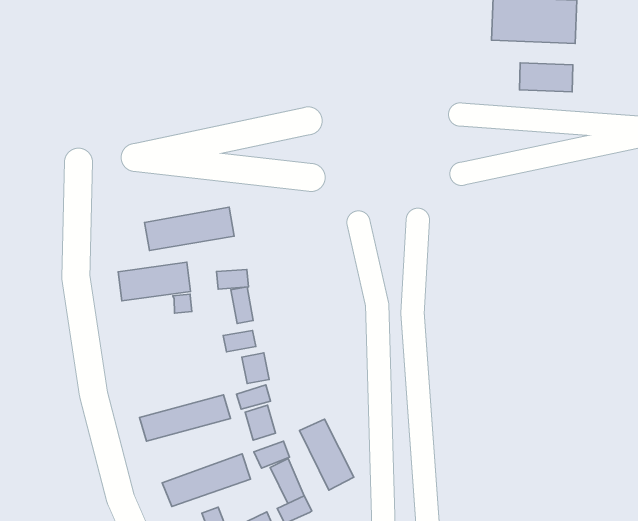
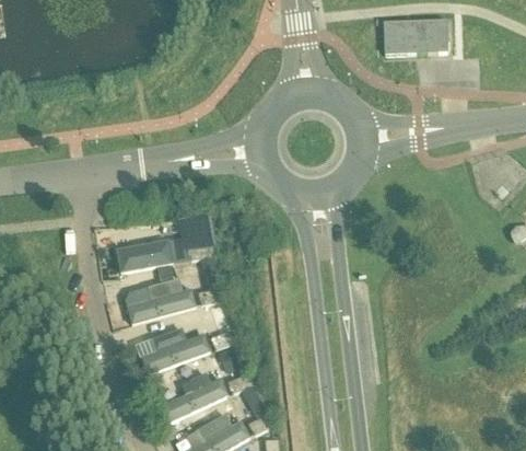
building: [519,63,573,92] -> none
building: [144,207,234,250] -> [126,287,195,324]
building: [299,419,354,490] -> none

